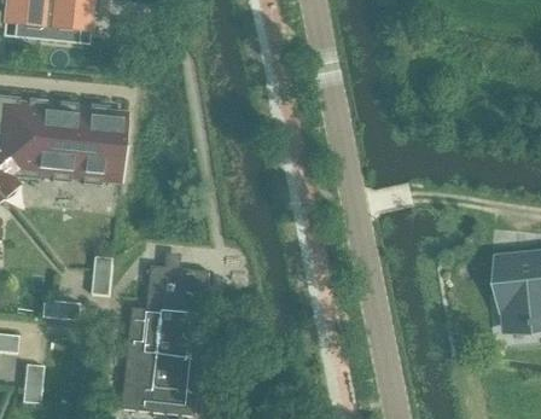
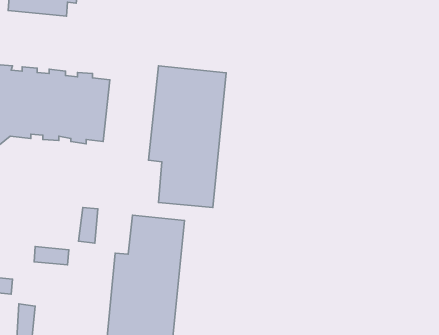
building: none -> [148,66,226,208]

